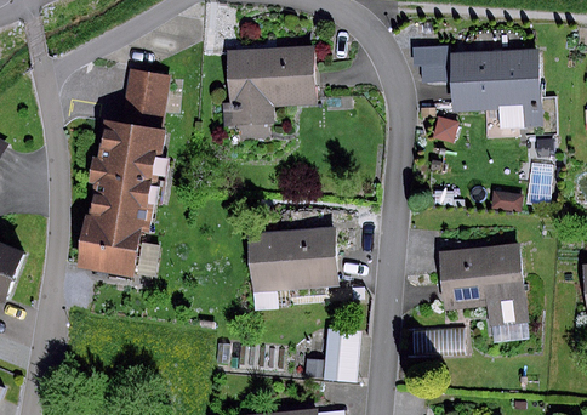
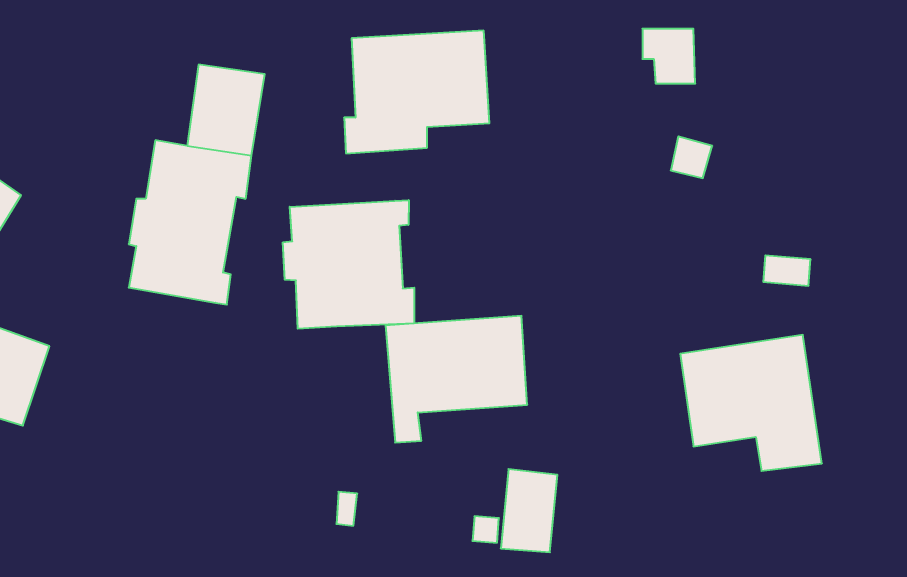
building: [452,49,541,129] -> none
building: none -> [283,200,414,329]
building: [72,211,141,274] -> none

